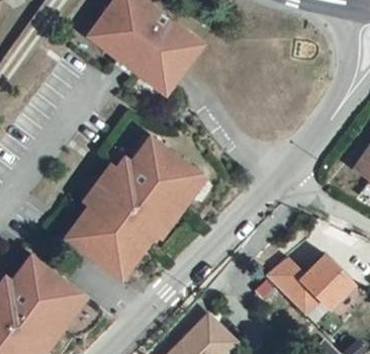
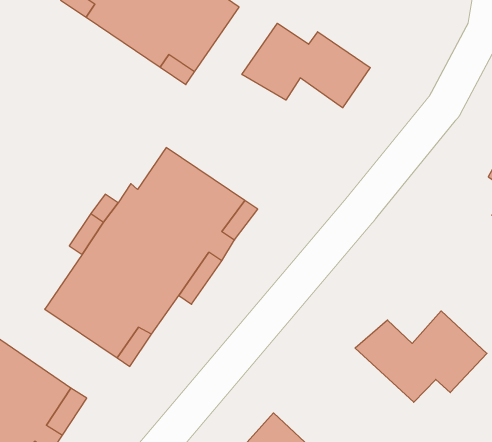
building: none -> [242,23,370,108]

